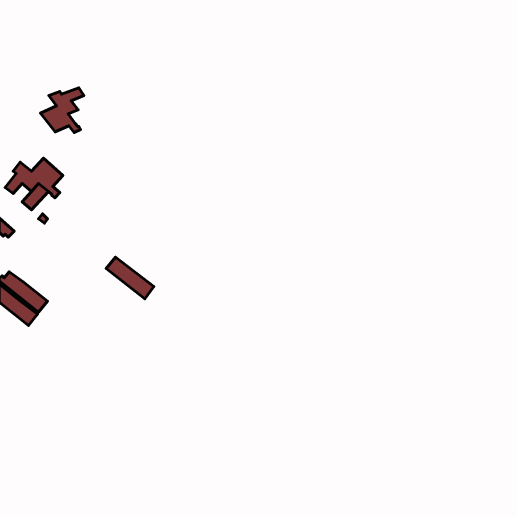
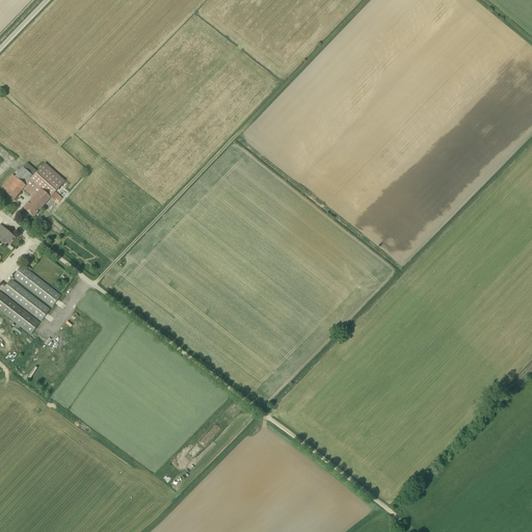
building: [40,88,84,132] -> none
building: [106,257,154,299] -> [11,264,60,307]

